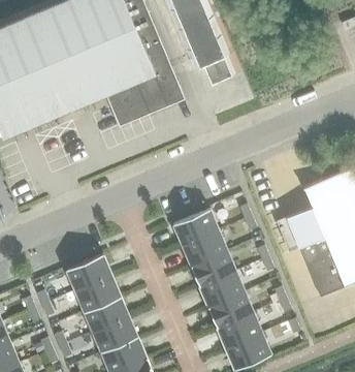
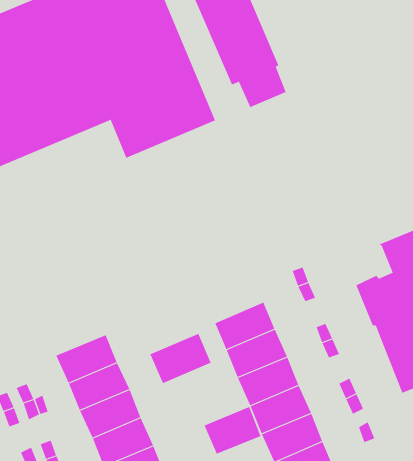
building: [173,210,219,247] -> [150,333,212,384]
building: none -> [204,406,261,455]

